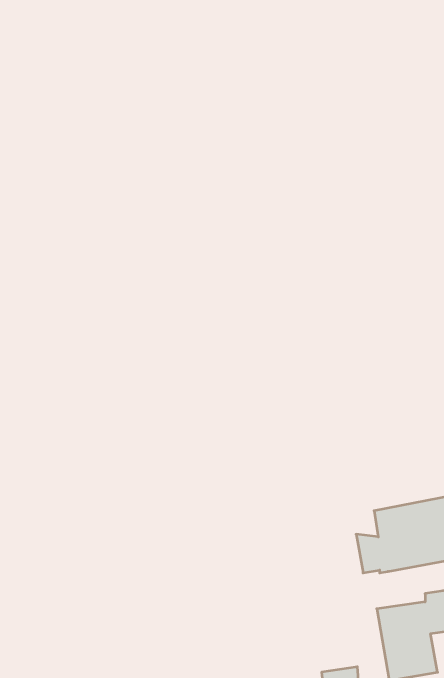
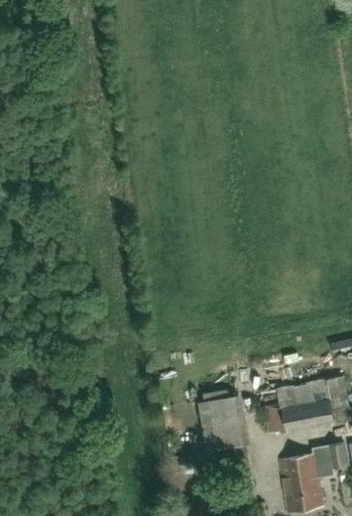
building: none -> [202,395,246,443]

